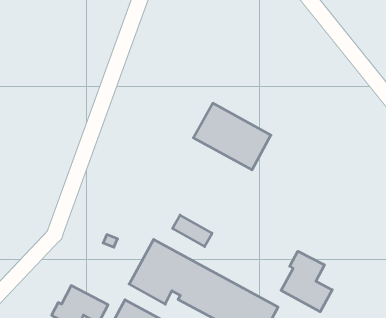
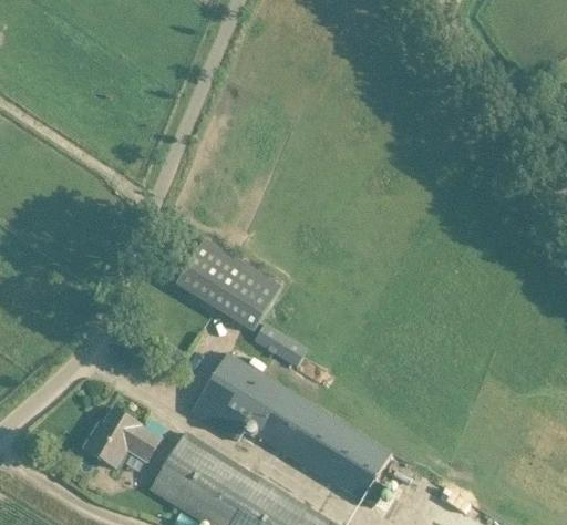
building: [193,103,271,170] -> [176,238,281,331]
building: [281,251,332,312] -> none

